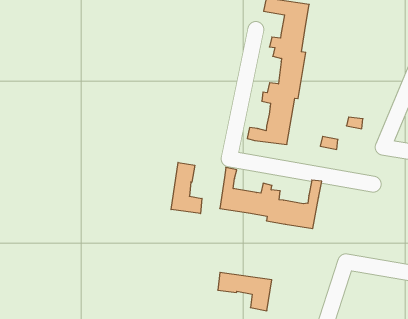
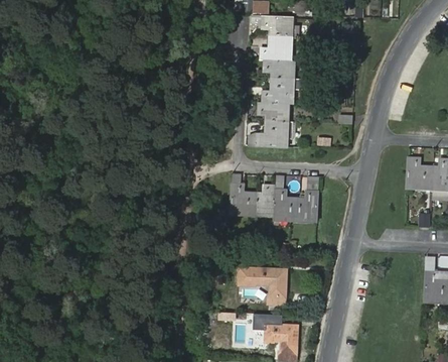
building: [171,162,202,214] -> none

